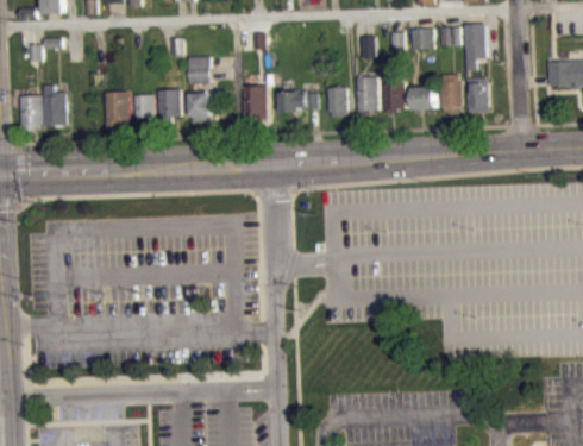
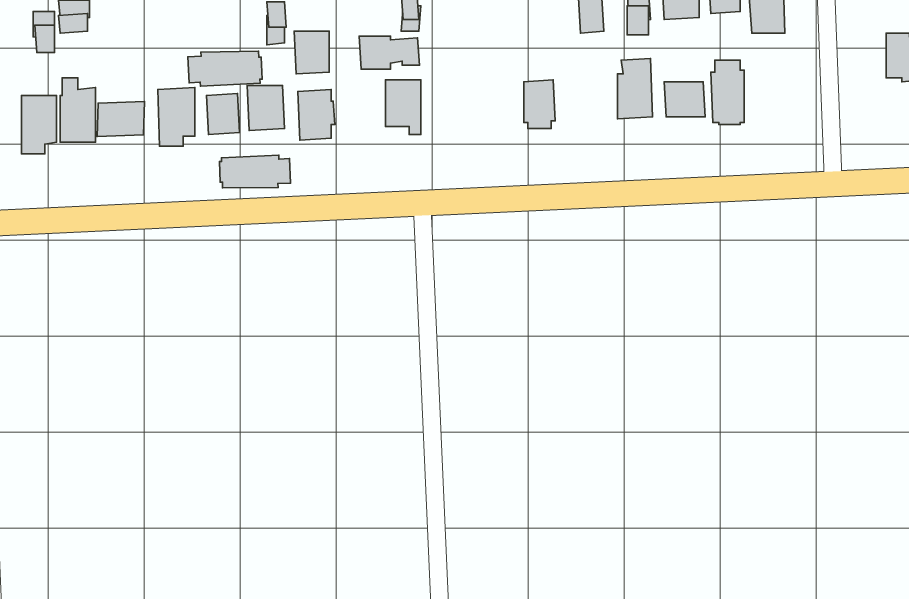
building: none -> [188,51,262,86]
building: [356,77,378,112] -> none
building: [469,77,489,112] -> none
building: [280,92,316,112] -> [359,36,420,69]
building: none -> [97,102,145,136]
building: none -> [219,155,291,188]

